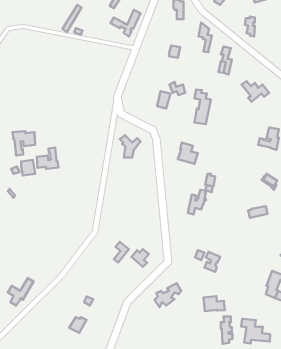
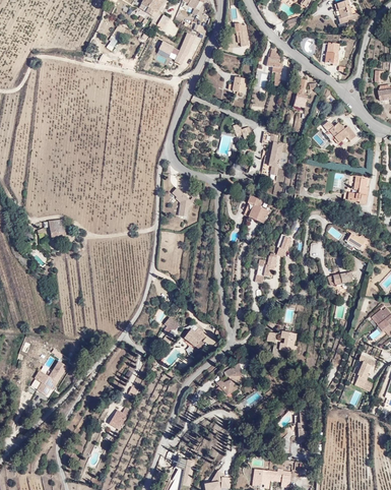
building: [12,131,35,156] -> none
building: [37,147,59,169] -> none
building: [203,296,225,311] -> none
building: [241,319,270,343] -> none

